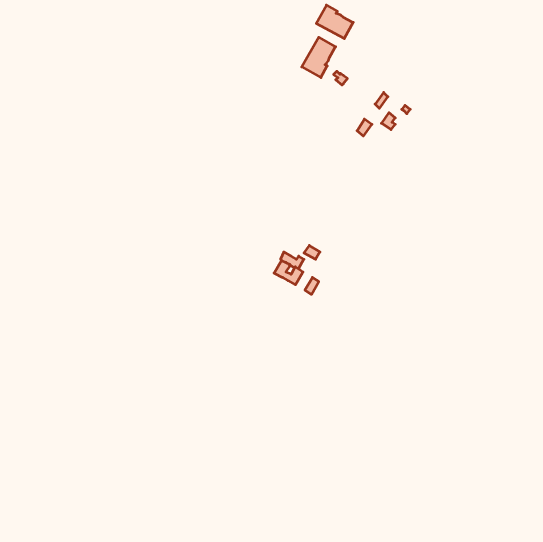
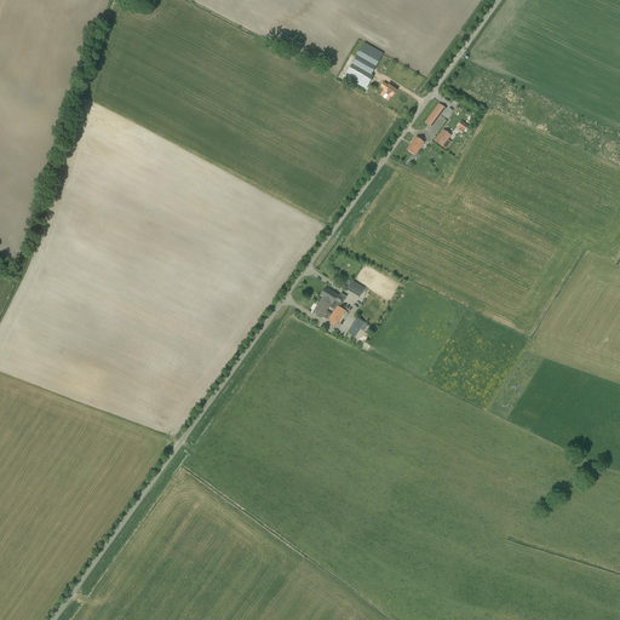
building: [316,5,353,39] -> none

